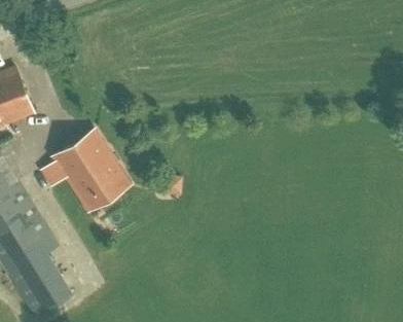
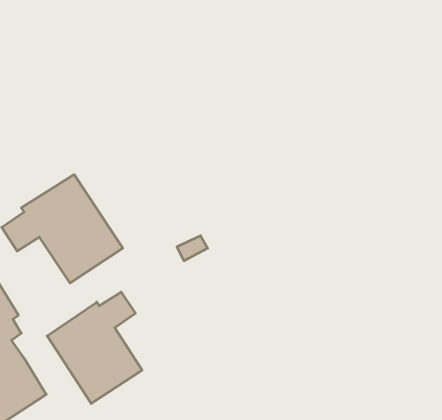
building: none -> [47,292,142,404]

